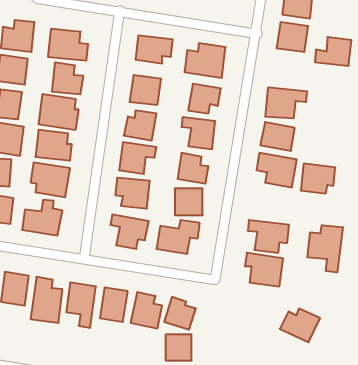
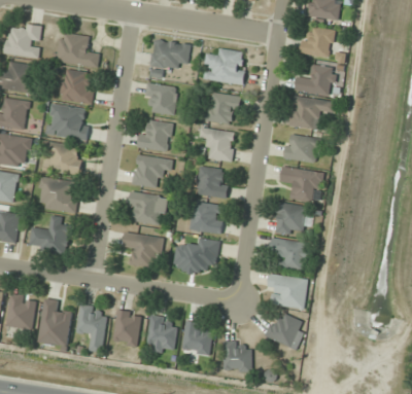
building: [315,37,351,66] -> [295,64,334,95]
building: [301,164,335,193] -> [274,203,311,235]
building: [307,225,343,272] -> none
building: [280,309,320,342] -> [264,314,307,350]
building: [166,335,192,361] -> [224,343,251,370]

